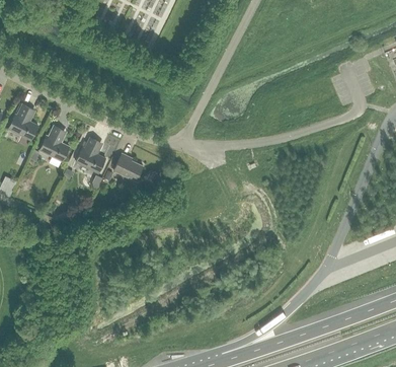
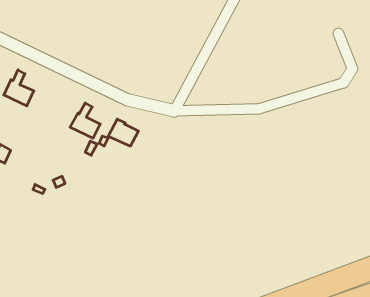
building: [39,125,70,161] -> none

